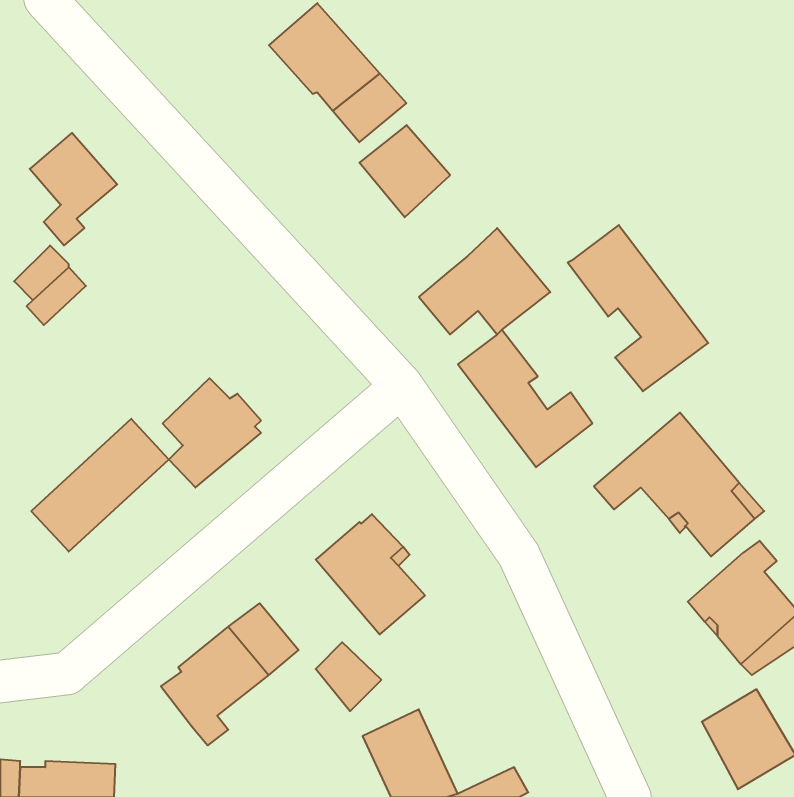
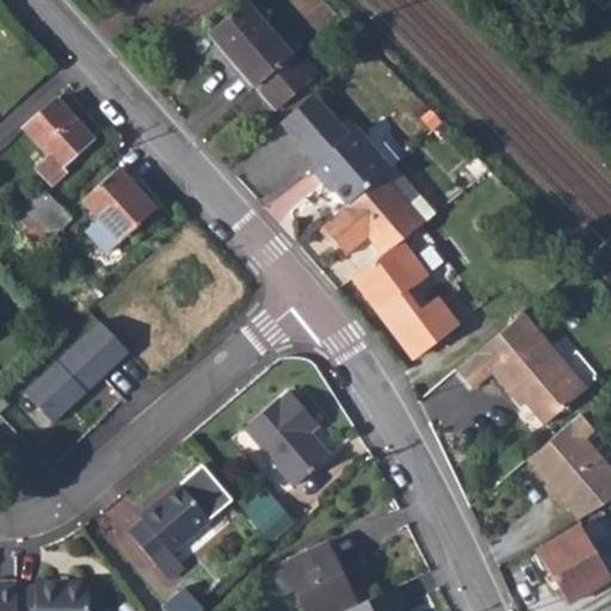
building: none -> [309,128,390,208]
building: [568,225,708,391] -> none
building: [163,378,261,488] -> [84,168,159,252]

